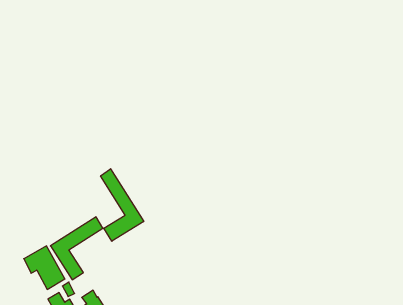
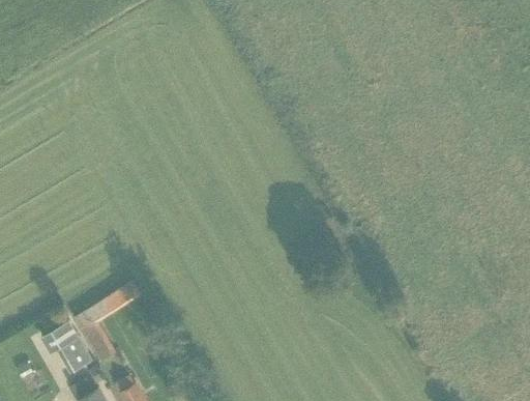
building: [101,169,144,241] -> none

